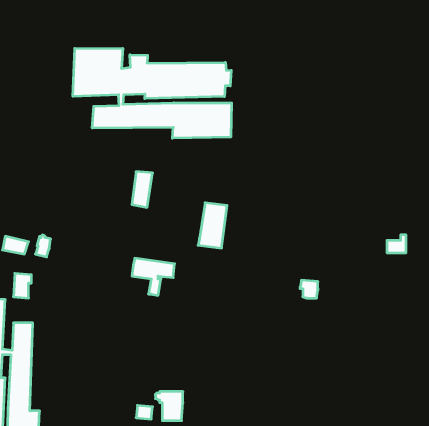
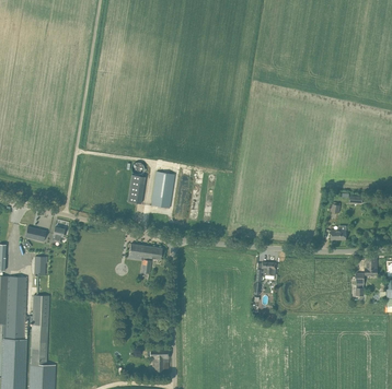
building: [73,48,232,138] -> none
building: [198,203,227,248] -> [151,170,174,207]

